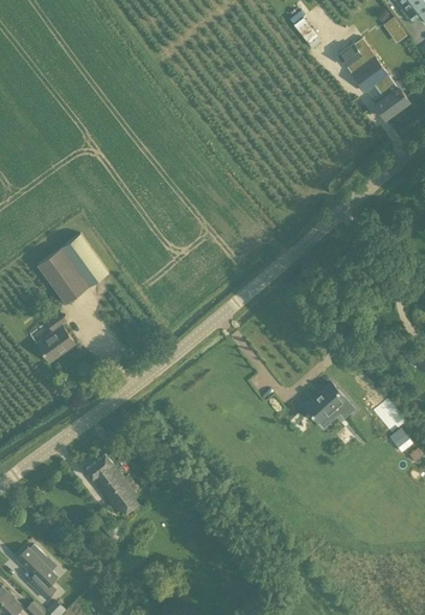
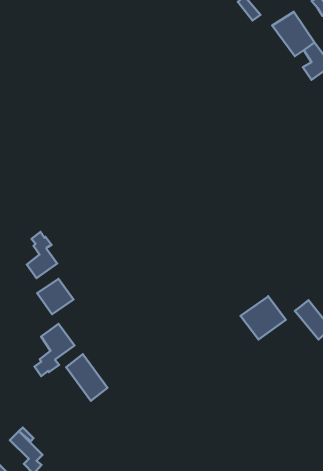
building: [37,233,108,303] -> none
building: none -> [37,279,73,314]
building: none -> [34,324,74,376]

